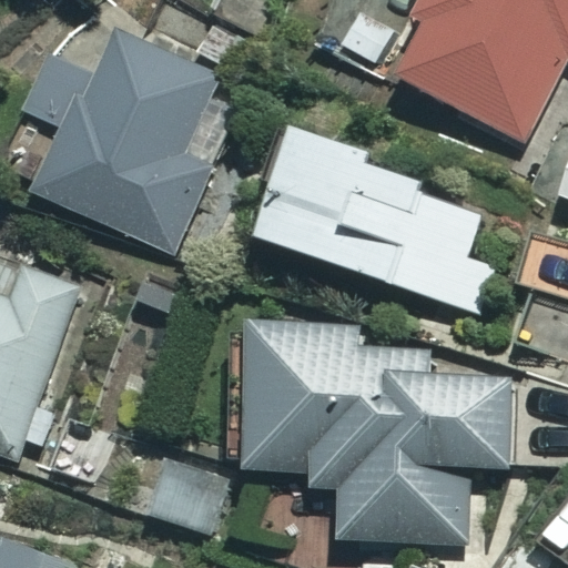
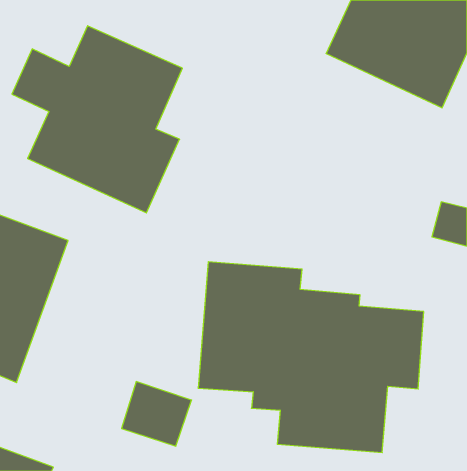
building: [253,126,496,316] -> none

